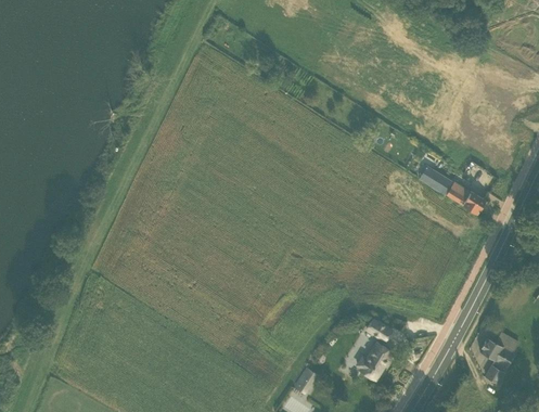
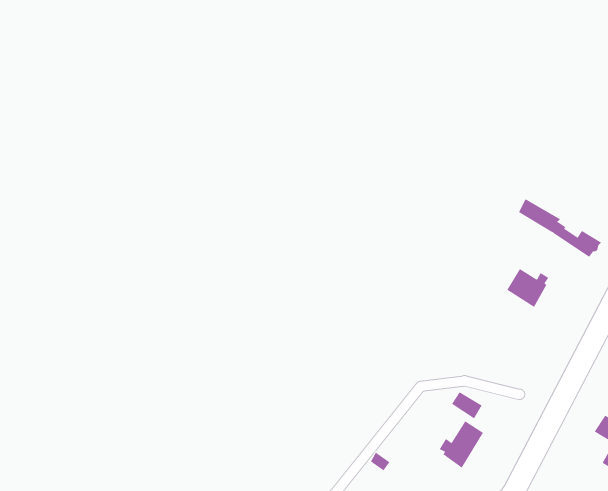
building: none -> [506,268,549,308]

